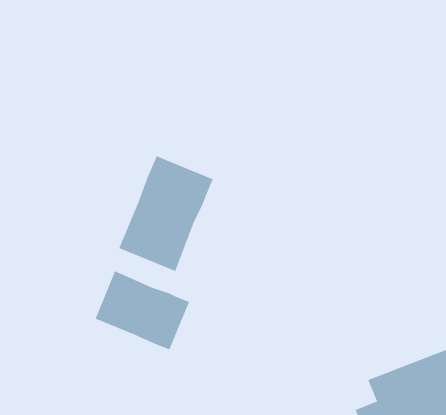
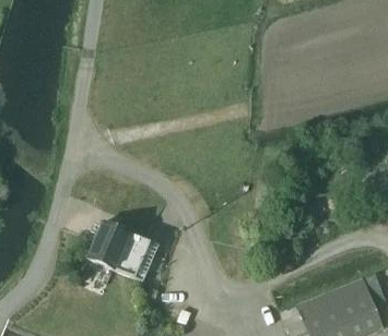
building: [119,155,213,272] -> none

